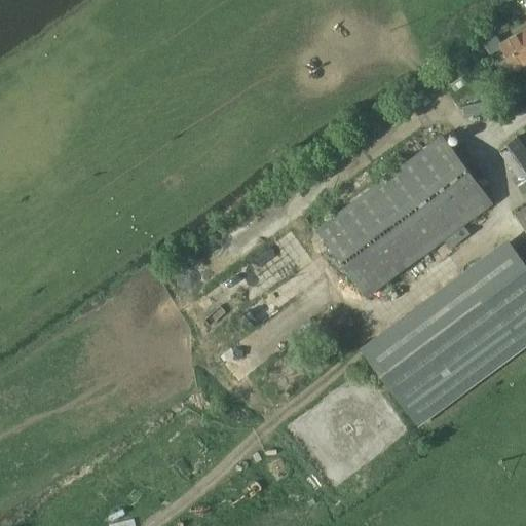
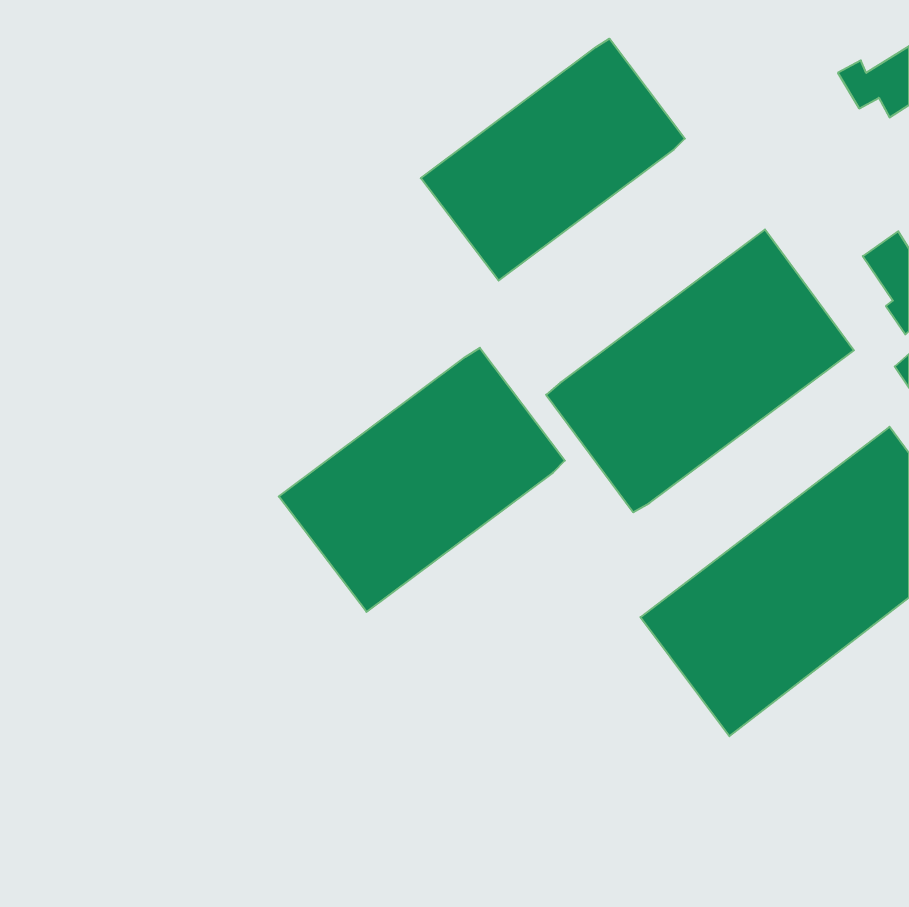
building: none -> [421,39,685,281]
building: none -> [279,348,565,612]

